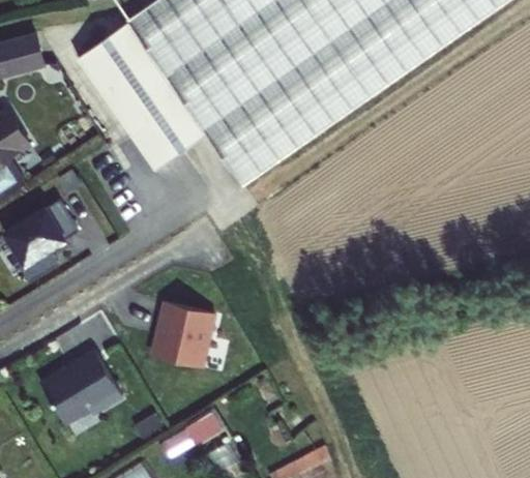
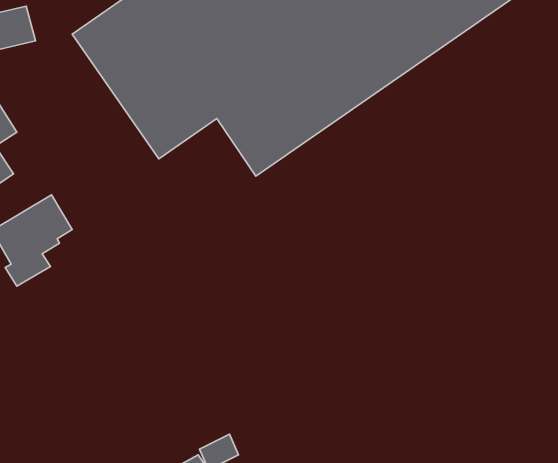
building: [153,298,213,364] -> none
building: [41,347,122,421] -> none

